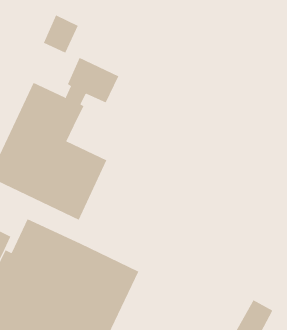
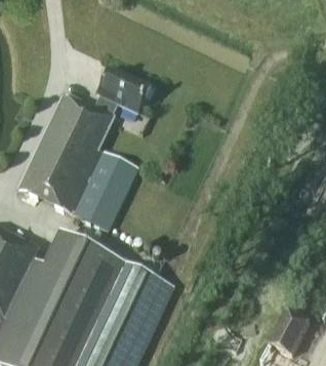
building: [43,15,79,53] -> none

